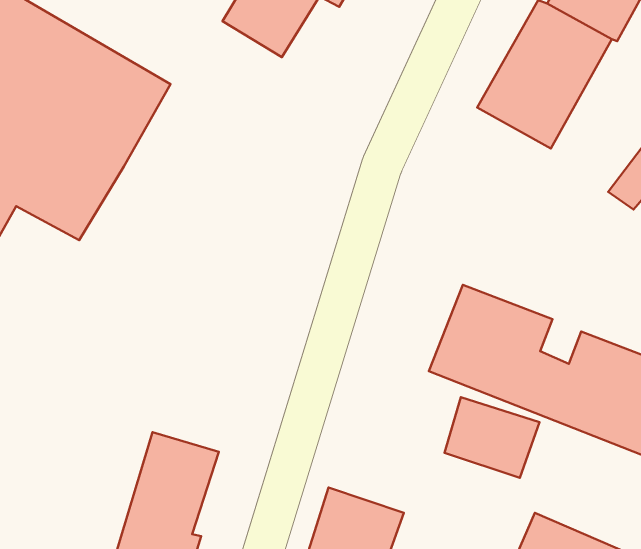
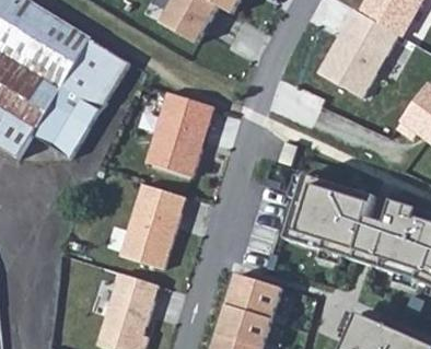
building: none -> [147,90,215,174]
building: none -> [121,181,187,266]
building: [445,397,540,478] -> [226,270,284,319]

